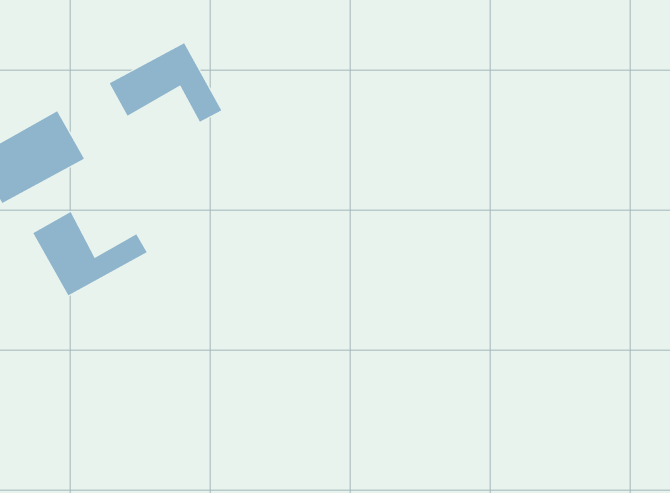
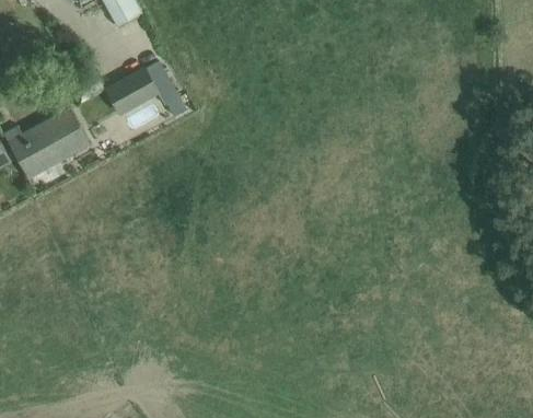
building: [32,211,147,296] -> none

